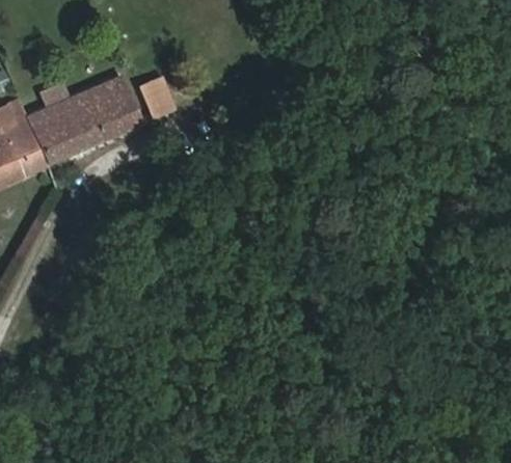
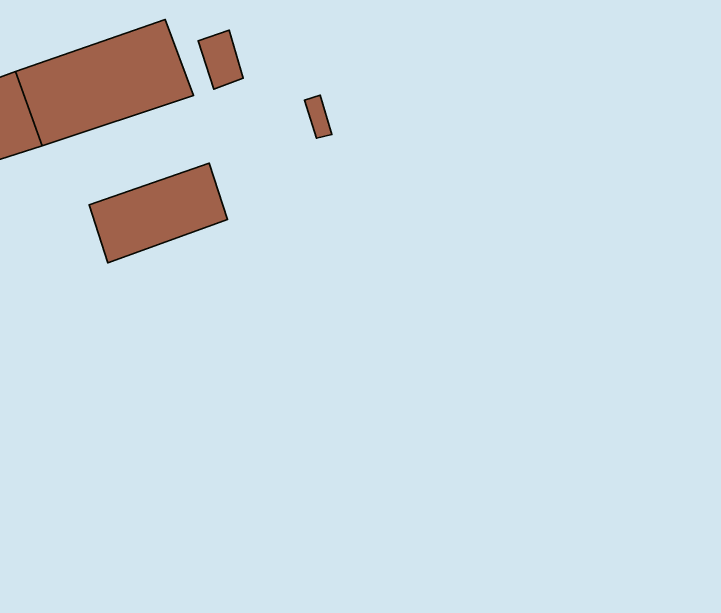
building: none -> [89,163,228,263]

